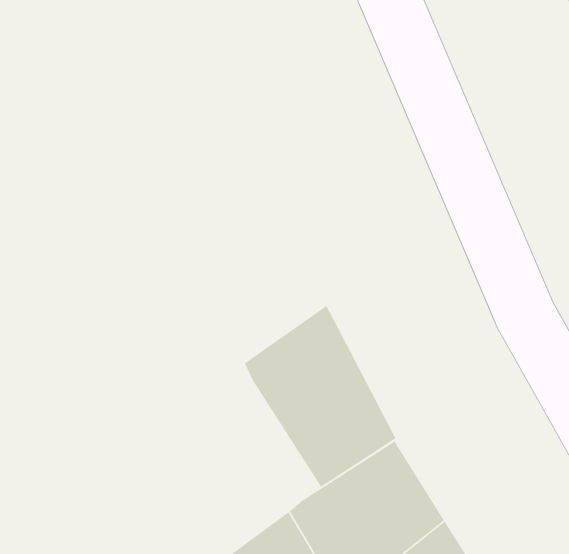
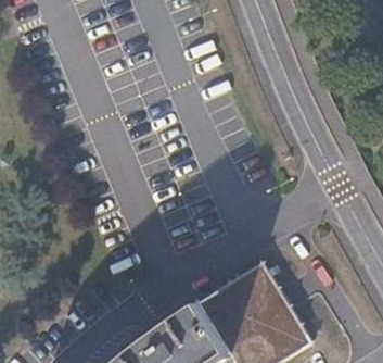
building: [244,305,396,488] -> none

